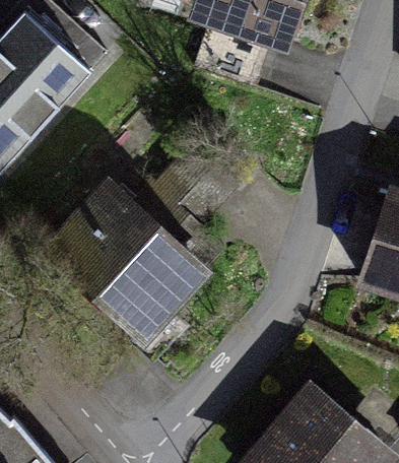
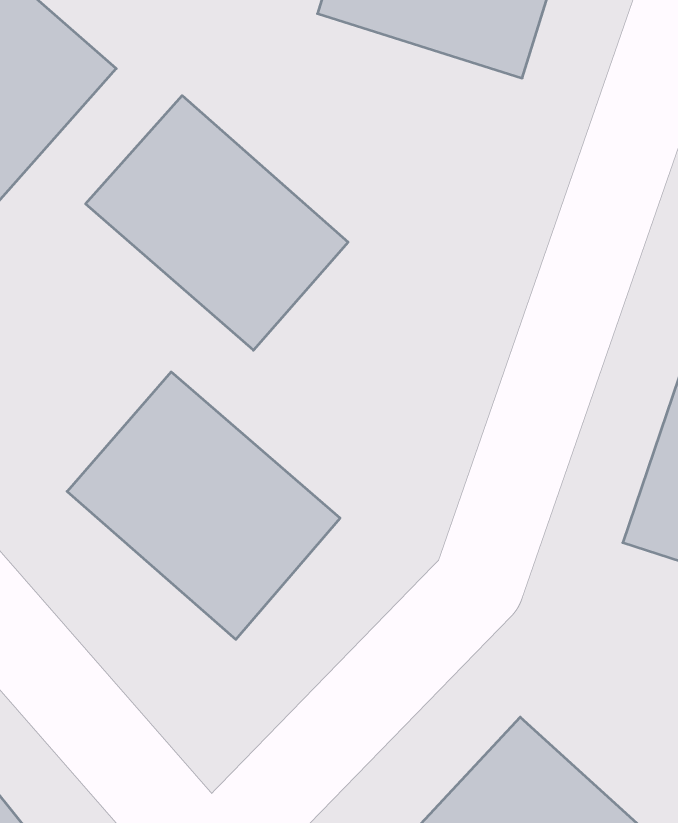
building: none -> [86,96,348,350]

